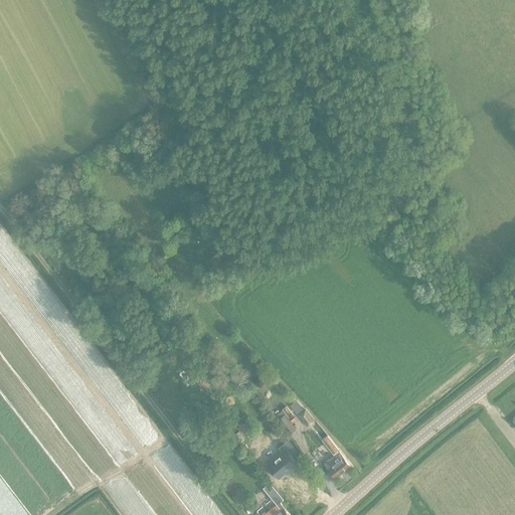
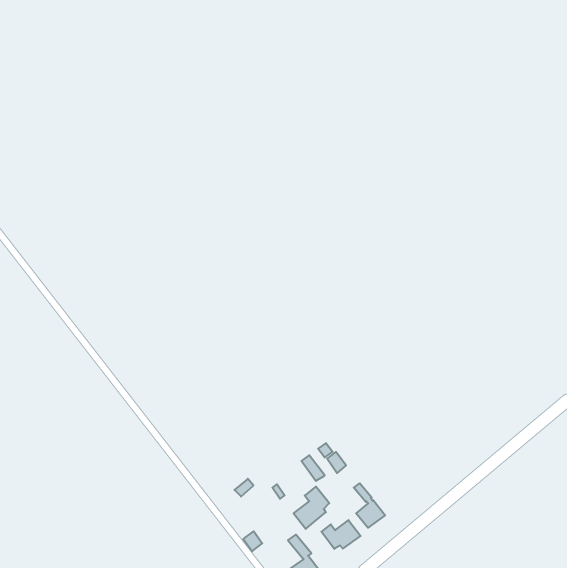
building: none -> [321,520,361,549]

